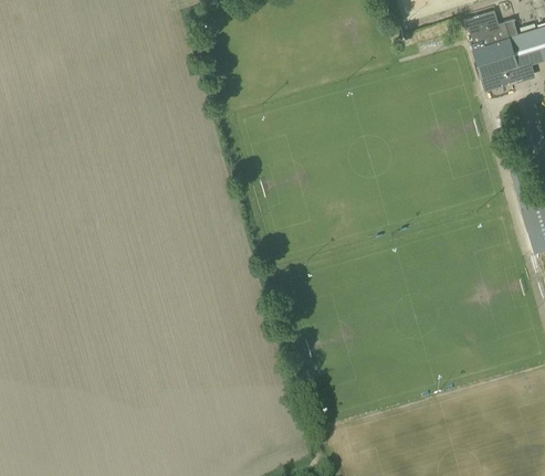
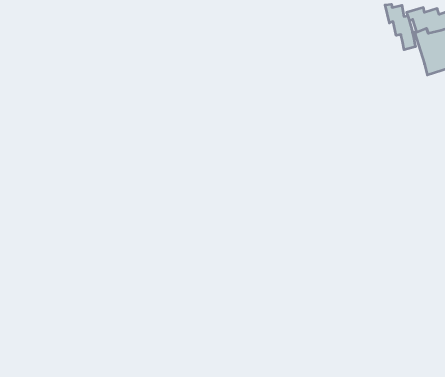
building: none -> [385,4,416,50]

